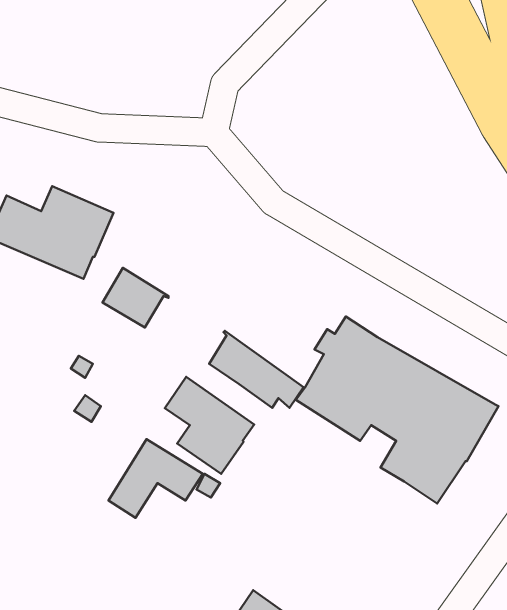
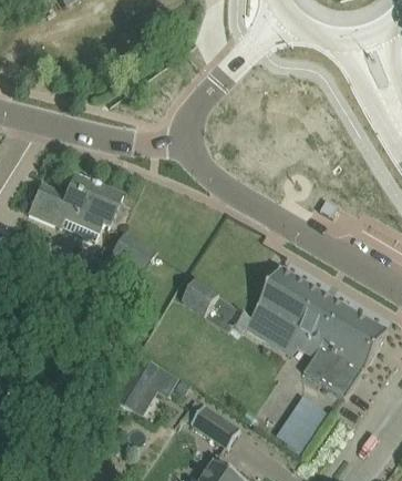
building: [165,377,254,474] -> none
building: none -> [277,393,327,450]
building: none -> [192,402,239,446]

